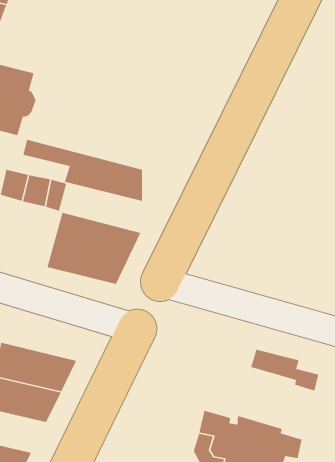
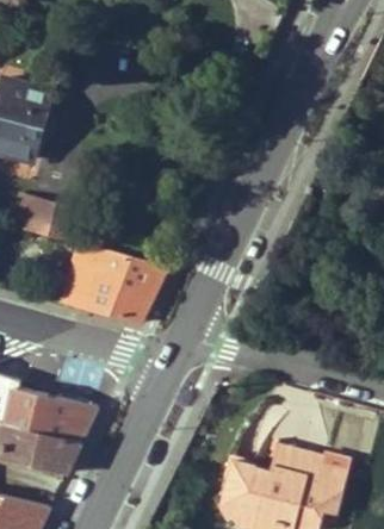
building: [23,139,143,202] -> none
building: [250,349,319,392] -> [271,444,346,491]

